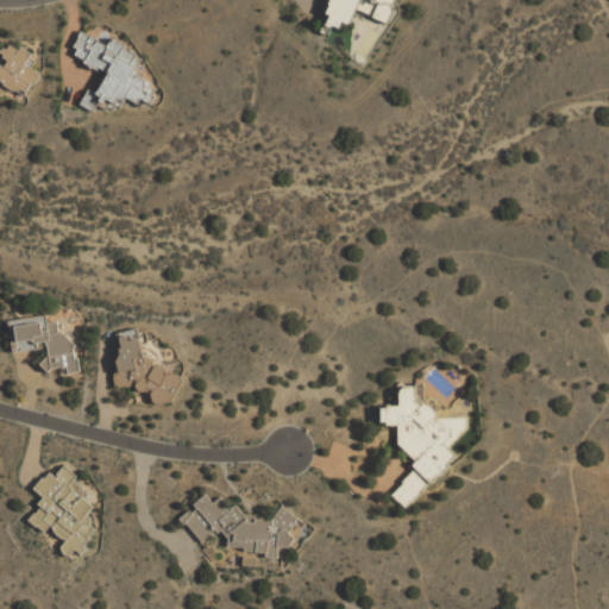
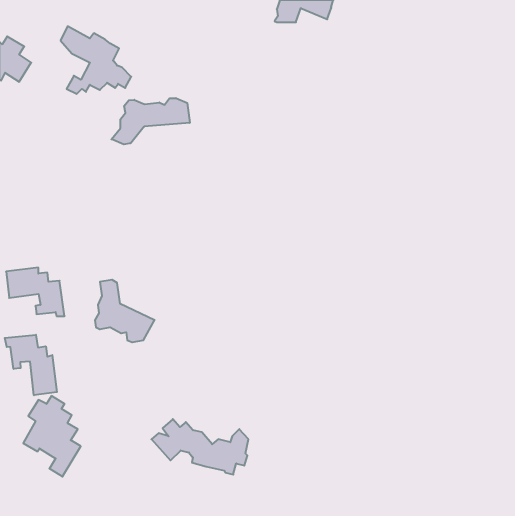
building: none -> [111,98,190,144]
building: [379,387,465,508] -> none
building: none -> [5,335,57,395]

